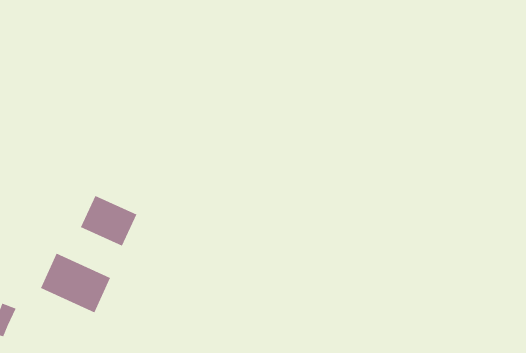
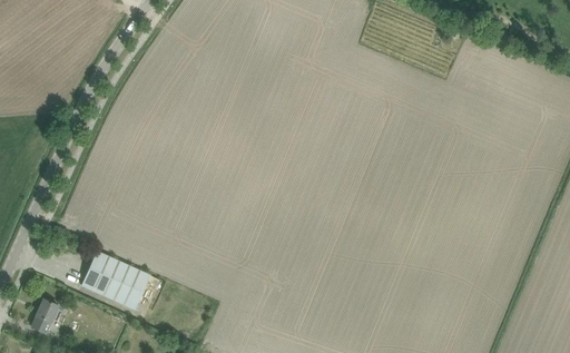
building: [80,195,137,247] -> none

